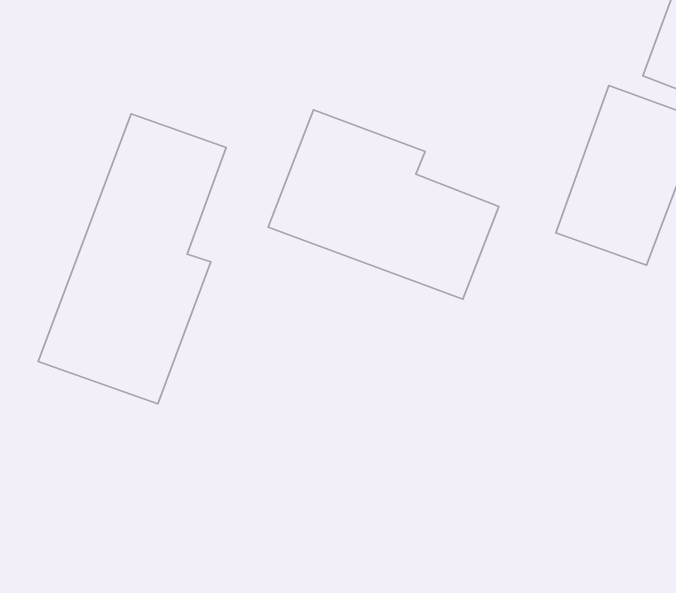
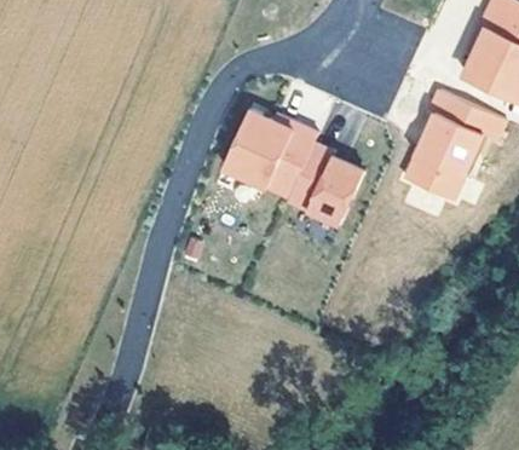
building: [38,114,226,404] -> none

